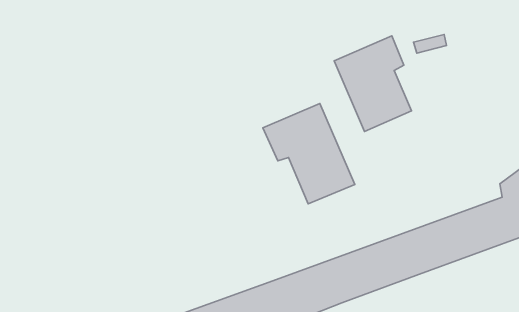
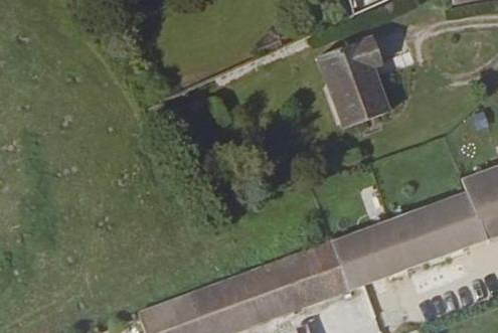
building: [263,103,355,204] -> none

